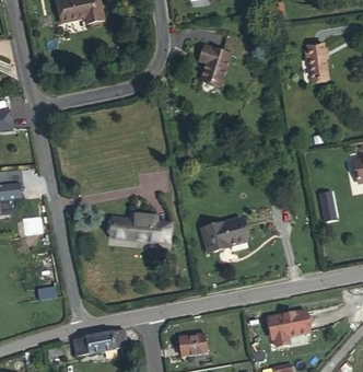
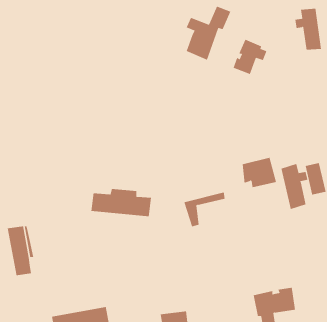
building: none -> [233,39,267,75]
building: none -> [281,163,308,210]
building: [213,224,247,254] -> [242,157,277,188]

